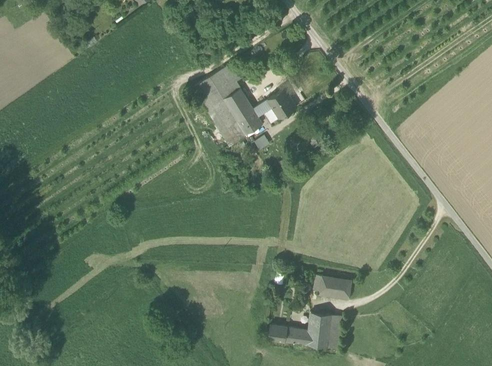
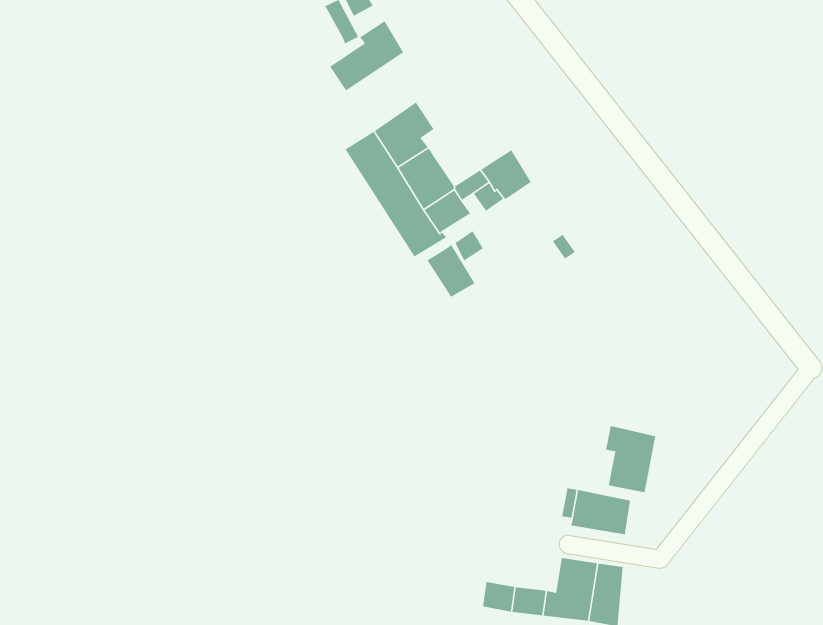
building: none -> [329,20,404,92]
building: none -> [426,244,475,298]
building: none -> [605,425,656,493]

